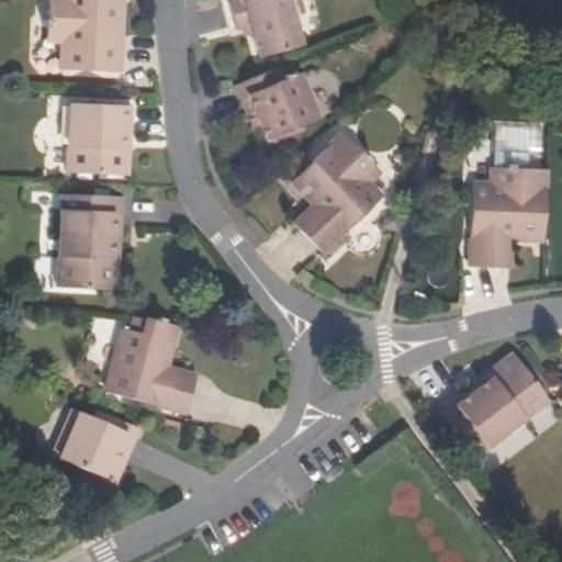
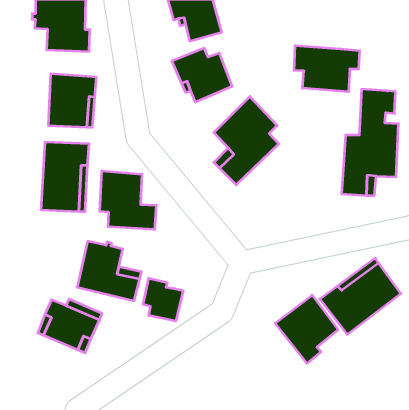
building: none -> [294,46,360,92]
building: none -> [100,171,156,230]
building: none -> [143,278,183,321]
building: none -> [275,295,338,363]

